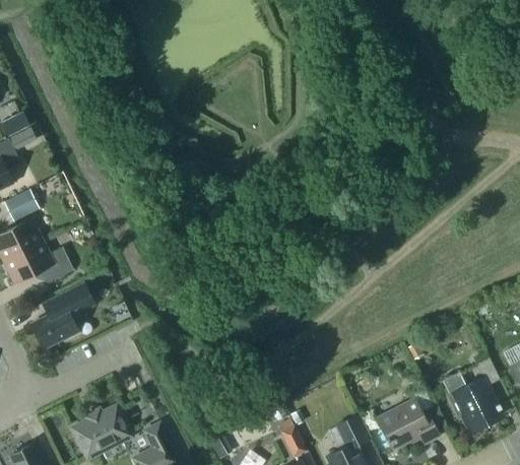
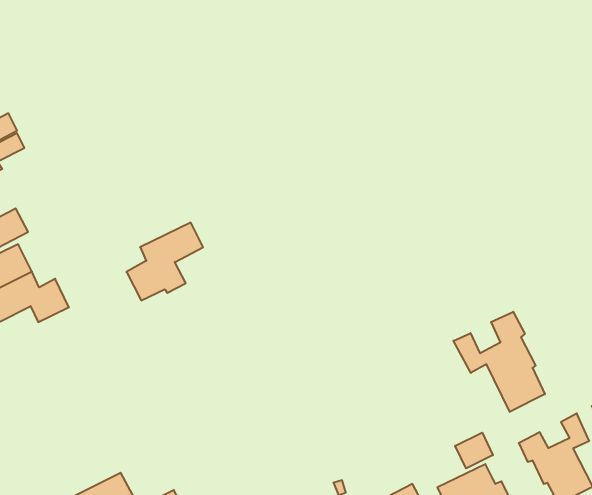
building: none -> [453,312,545,412]
building: [30,283,93,347] -> [126,223,203,300]
building: none -> [455,433,493,468]

